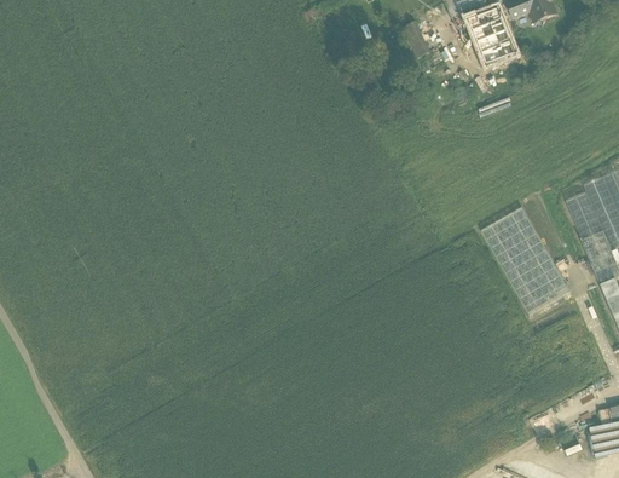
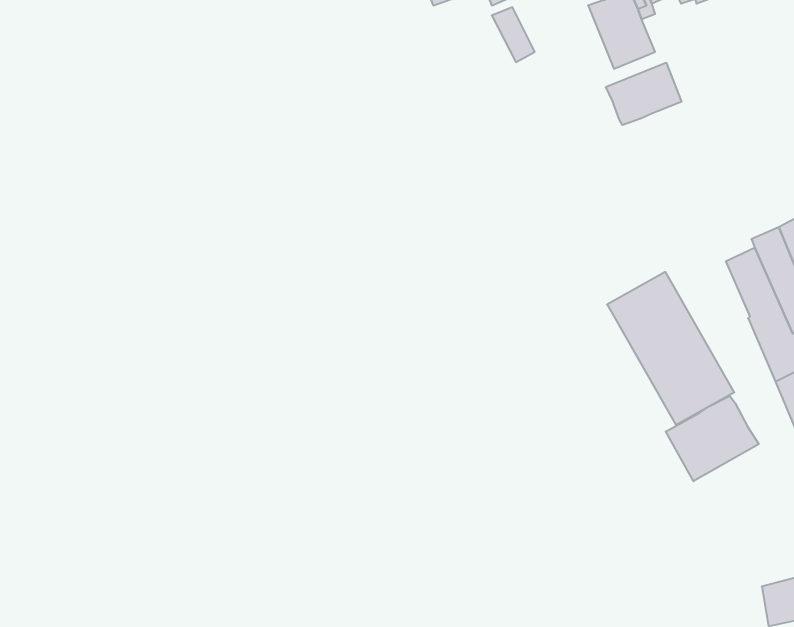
building: none -> [606,63,682,125]
building: none -> [666,396,759,481]

